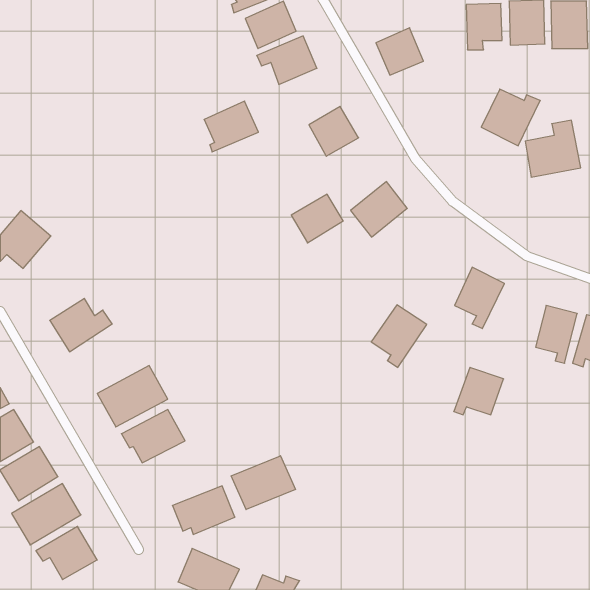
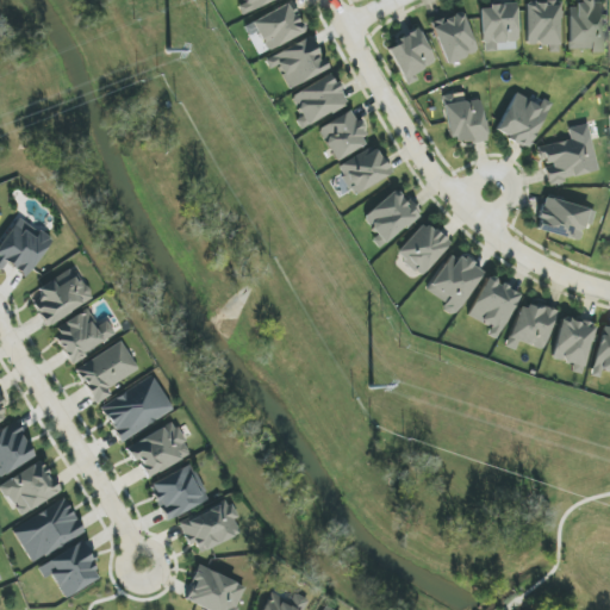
building: none -> [431,11,479,64]
building: none -> [443,93,487,143]
building: [204,101,258,152] -> [292,74,348,126]
building: none -> [537,197,592,241]
building: [291,194,343,243] -> [338,145,392,195]
building: none -> [397,222,450,275]
building: none -> [32,268,93,323]
building: [371,305,427,367] -> [427,251,484,316]
building: none -> [76,341,139,403]
building: [454,367,504,415] -> [506,300,558,349]
building: none -> [151,465,208,518]
building: [231,456,295,510] -> none

